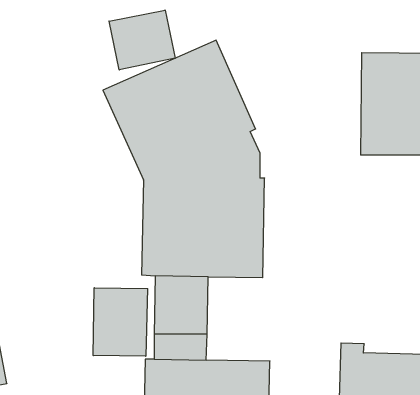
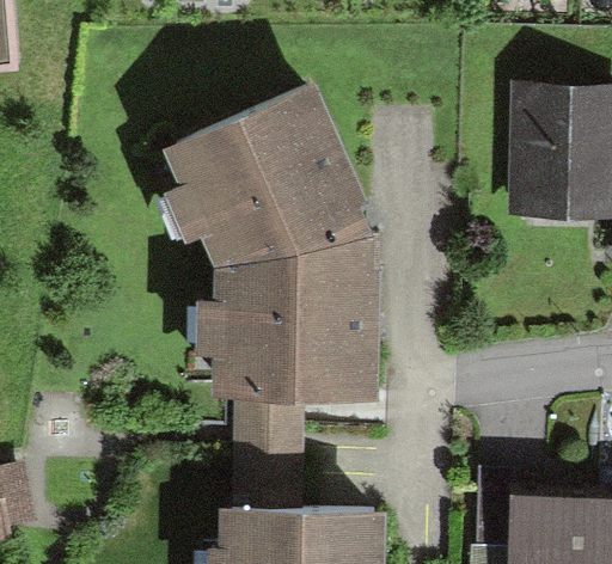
building: [109,10,175,70] -> none
building: [93,288,148,356] -> none

